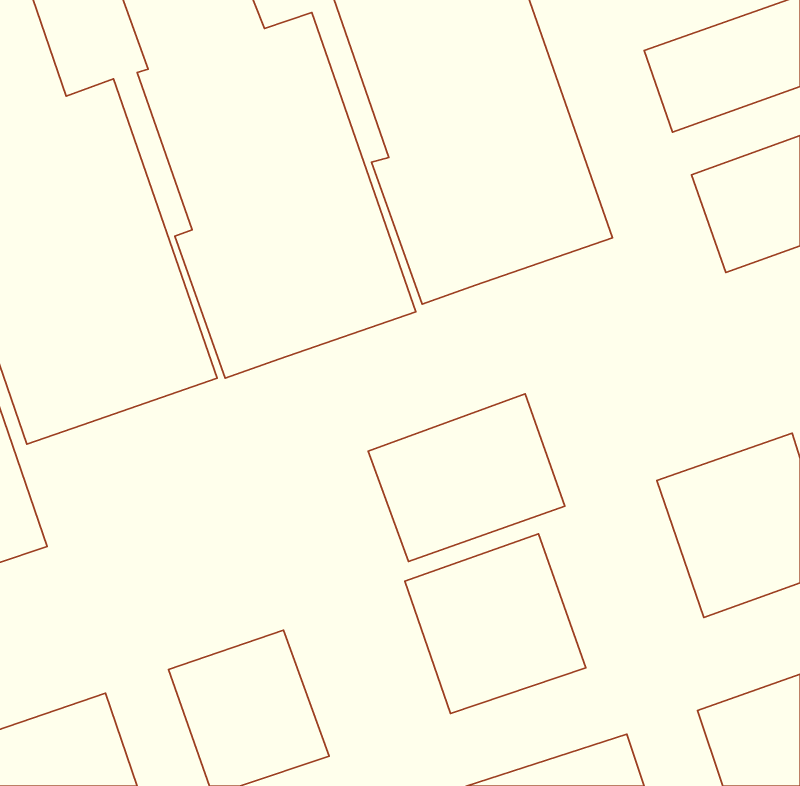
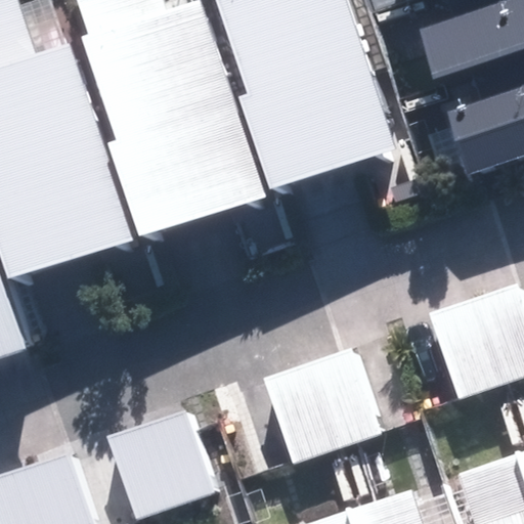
building: [368,394,565,561] -> none

